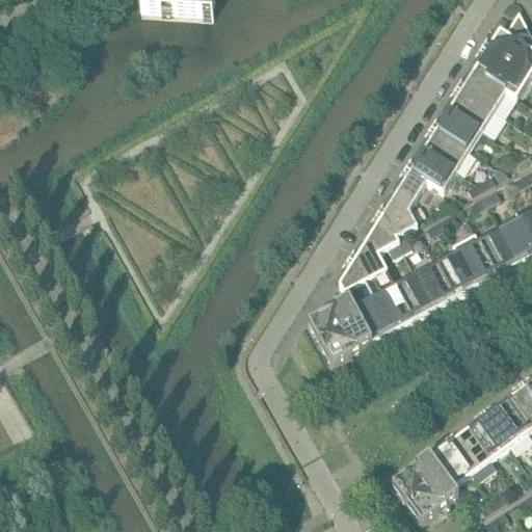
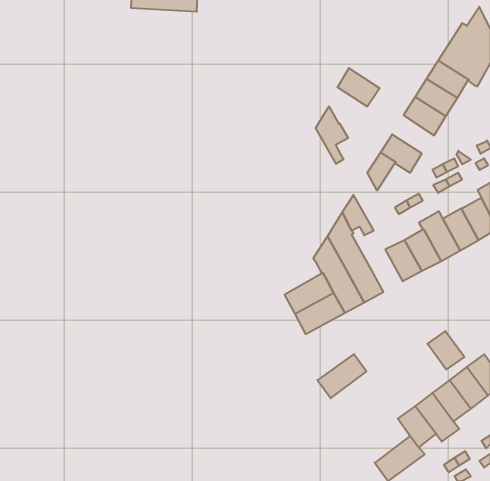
building: [425,125,471,166] -> [337,68,380,106]
building: [383,187,419,249] -> [316,106,348,164]
building: [397,270,436,316] -> none
building: none -> [427,331,464,370]
building: [392,453,445,501] -> [317,354,366,398]

